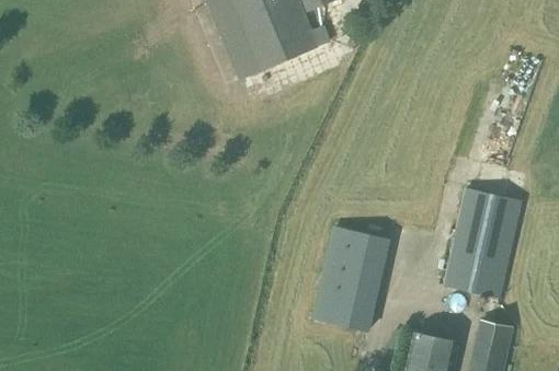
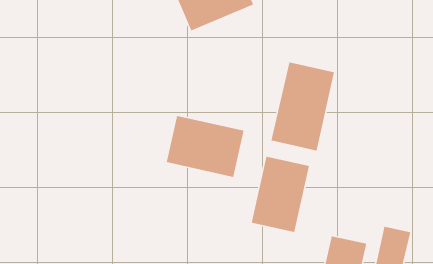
building: none -> [166,115,245,178]
building: [443,186,523,298] -> [270,61,335,151]

